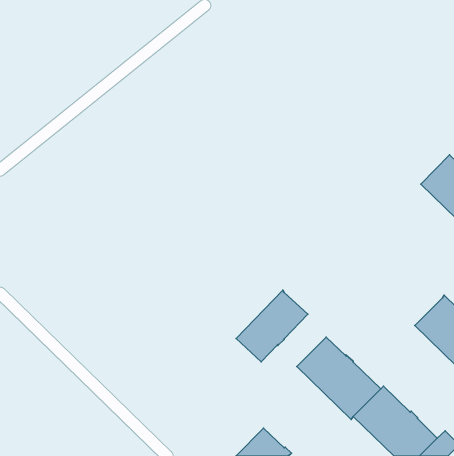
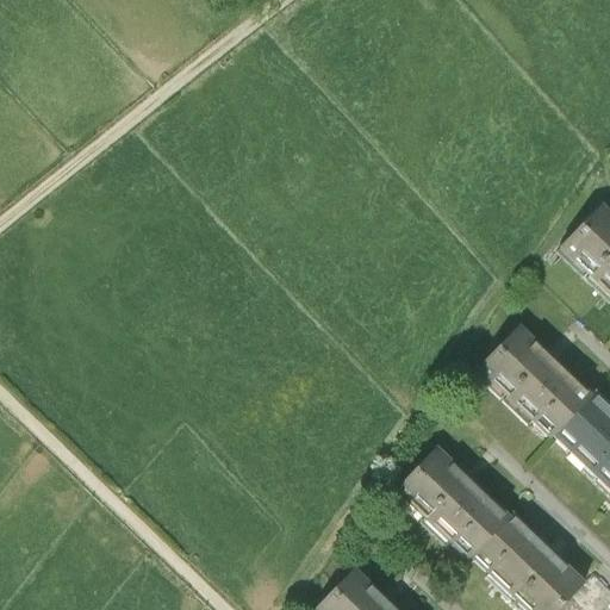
building: none -> [483,326,593,436]
building: [236,290,308,362] -> none

